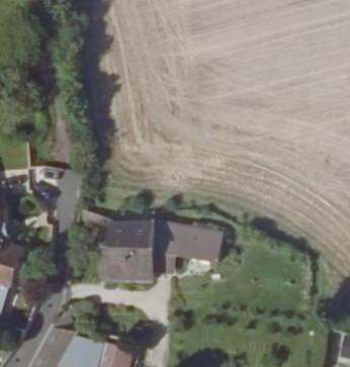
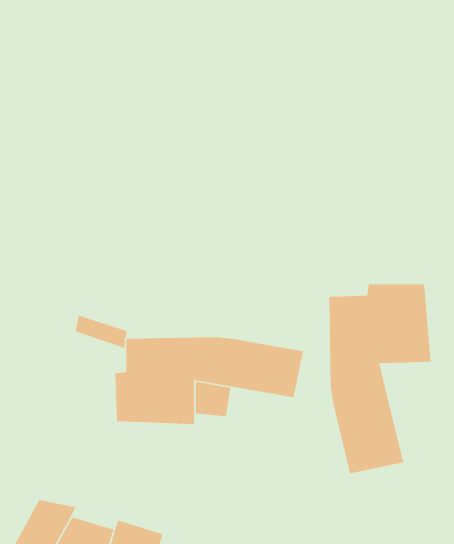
building: none -> [328,284,431,474]

